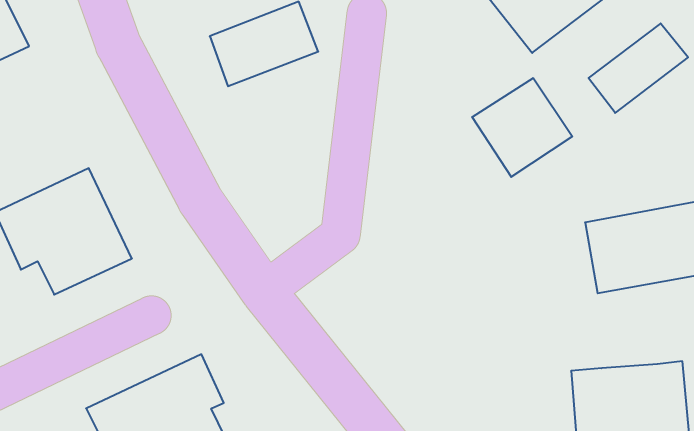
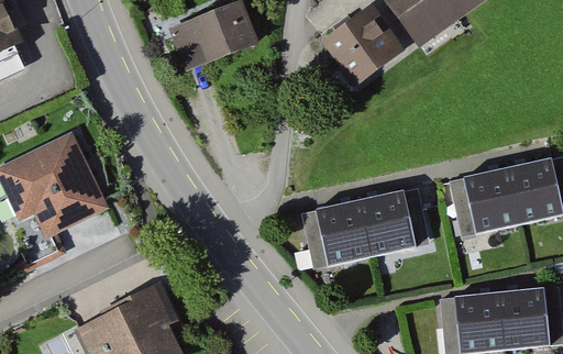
building: [589,23,688,113] -> none
building: [472,78,572,177] -> [323,9,402,87]
building: none -> [313,193,415,264]

